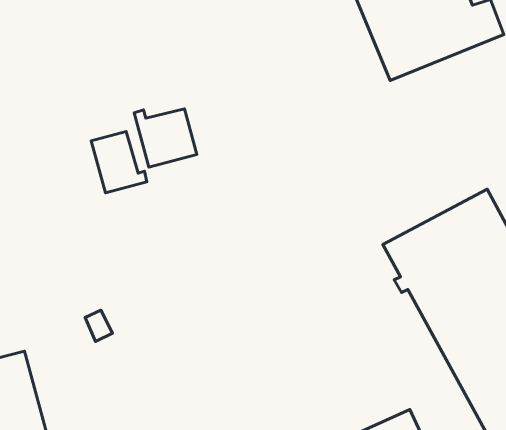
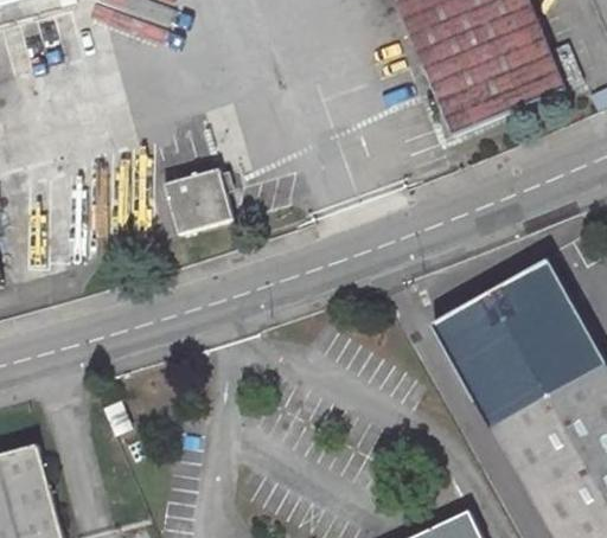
building: [91,132,147,193] -> none

